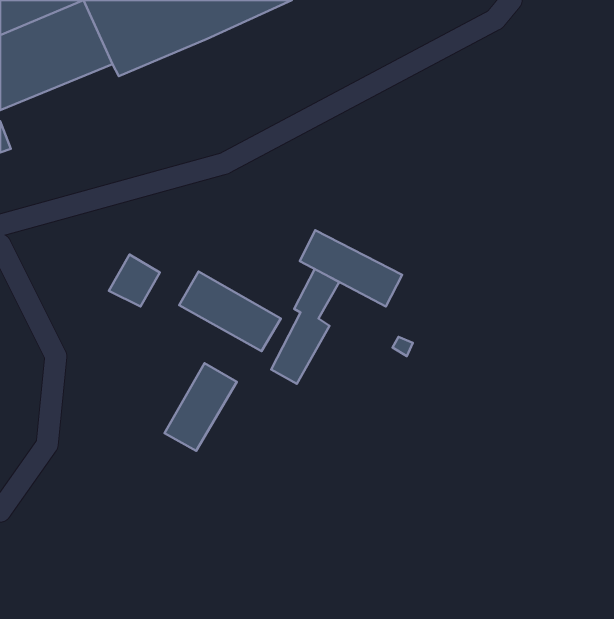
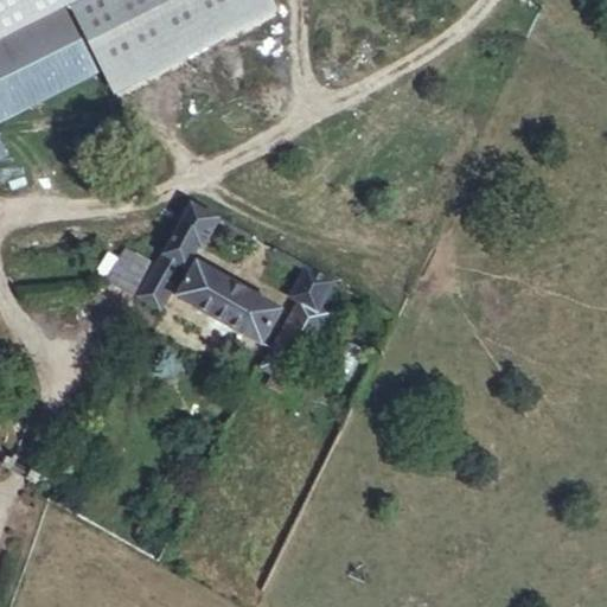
building: none -> [142,199,221,308]
building: [300,230,402,306] -> none
building: [164,363,237,451] -> none

